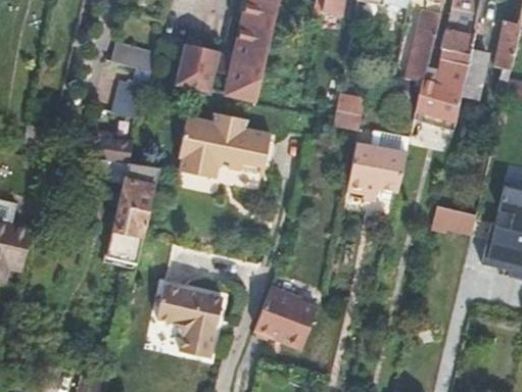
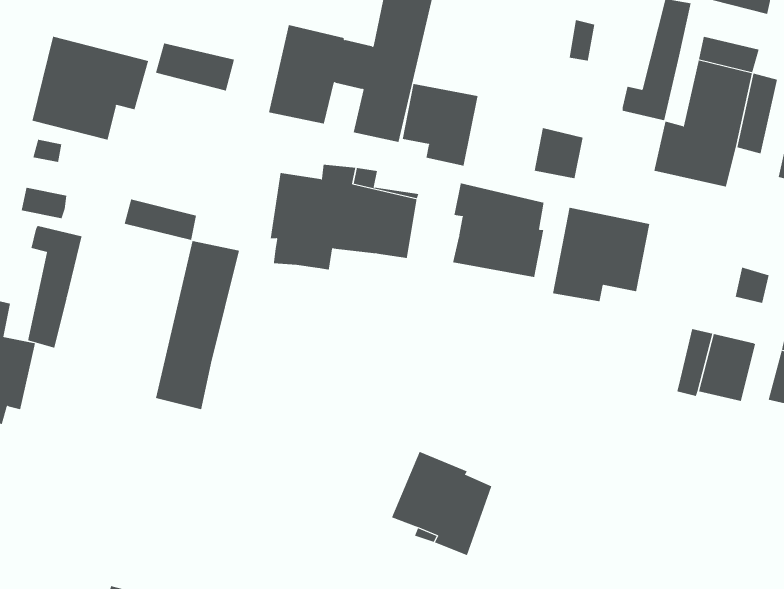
building: none -> [32,36,149,140]
building: none -> [402,83,478,167]
building: [113,79,146,116] -> none
building: none -> [452,183,544,278]
building: none -> [27,225,82,349]
building: [153,287,222,365] -> none

